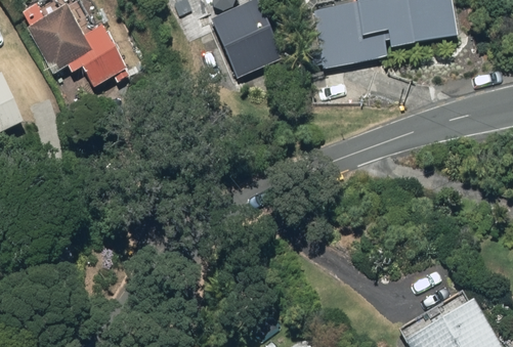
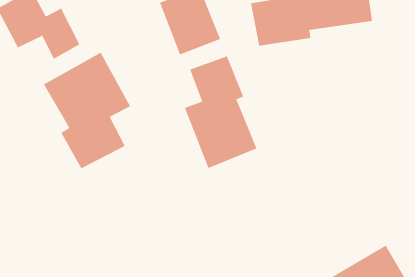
building: none -> [43,52,131,169]
building: none -> [184,55,257,169]

